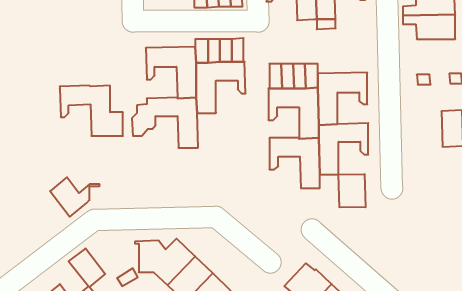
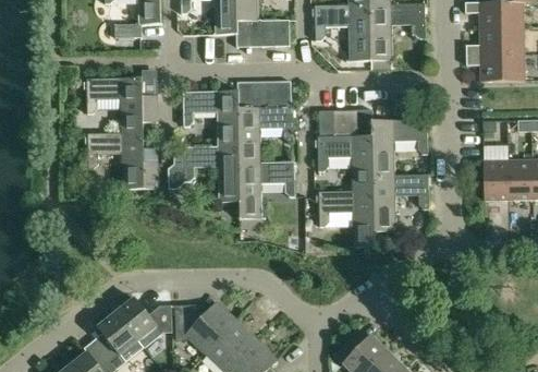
building: none -> [87,77,158,134]
building: none -> [240,161,294,219]
building: none -> [484,161,510,201]
building: [339,174,366,207] -> none
building: [50,177,100,217] -> [117,298,171,341]

